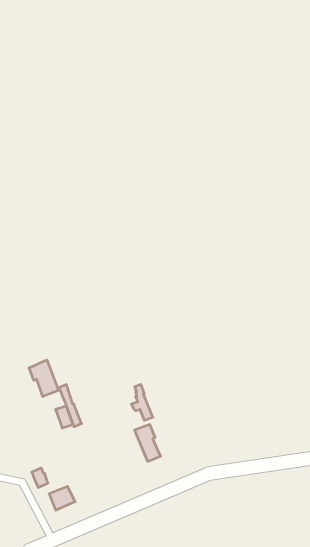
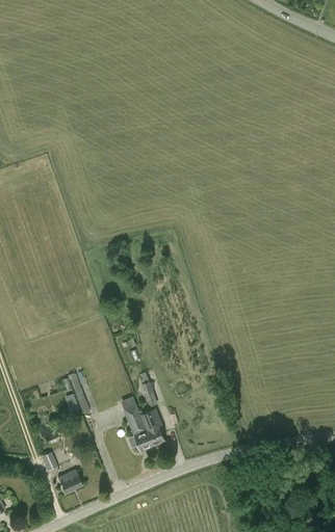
building: [29,360,59,397] -> none
building: none -> [125,405,154,451]

